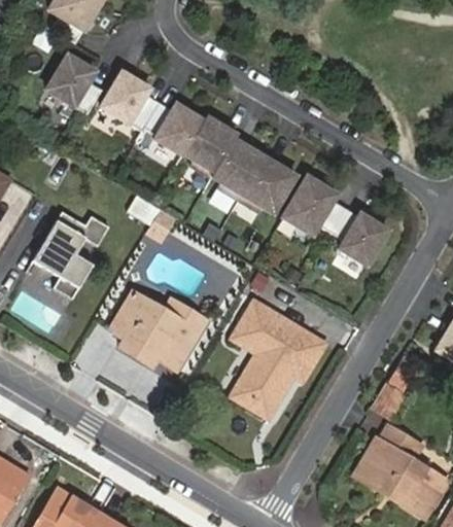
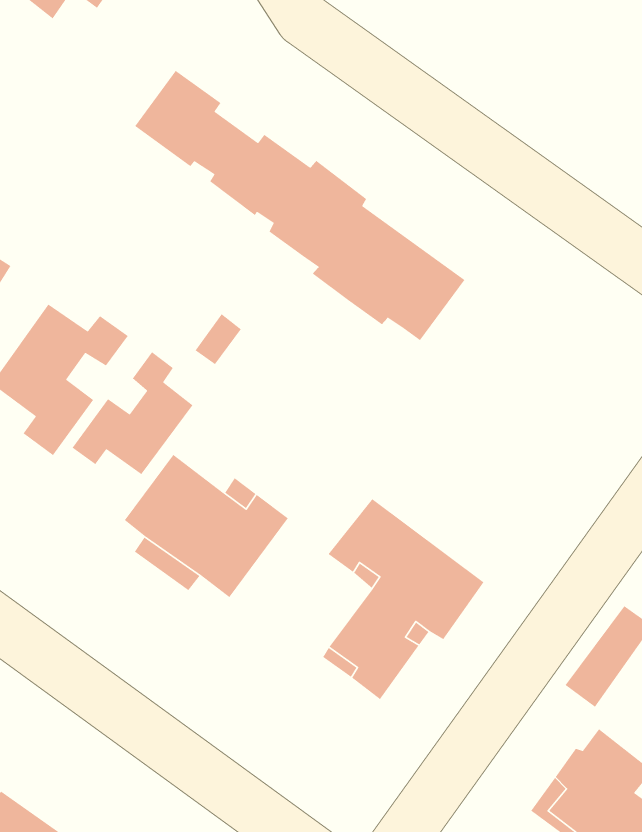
building: [45,54,101,112] -> none
building: [282,176,388,265] -> none
building: none -> [71,351,193,475]

